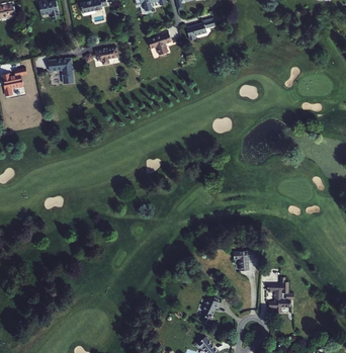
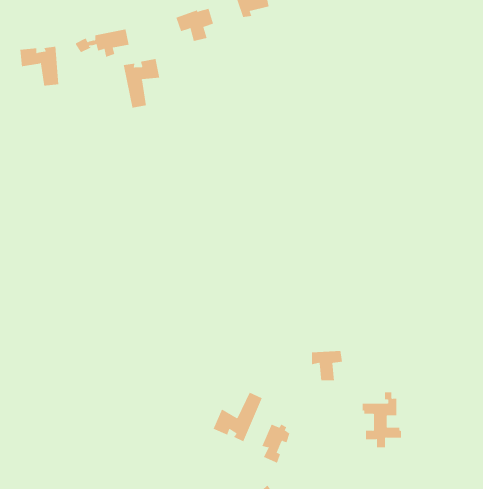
building: none -> [123,58,160,108]
building: none -> [213,392,263,442]

